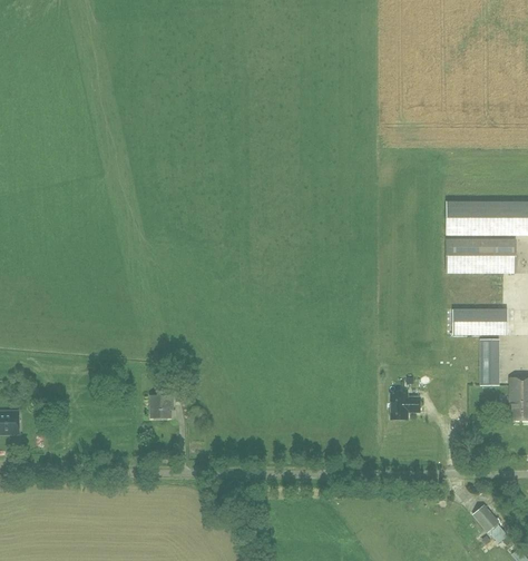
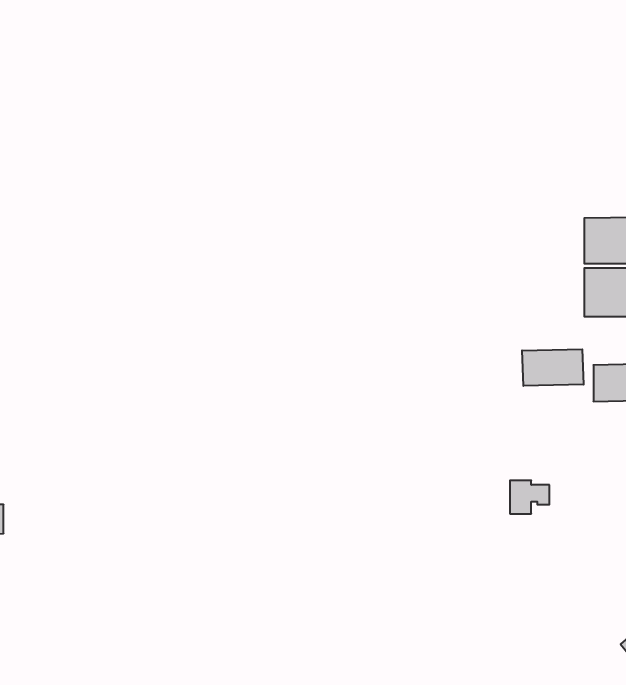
building: none -> [522,349,584,386]
building: [150,394,173,416] -> none

